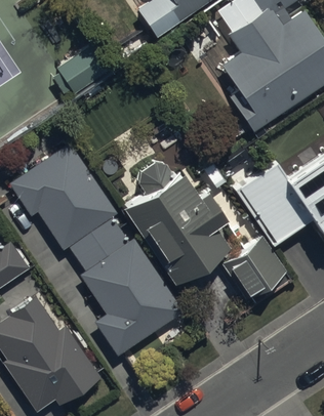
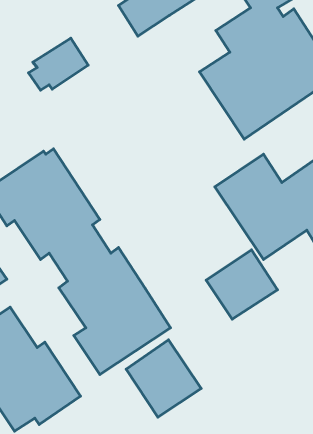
building: [120,168,232,290] -> none
building: none -> [126,340,201,417]

